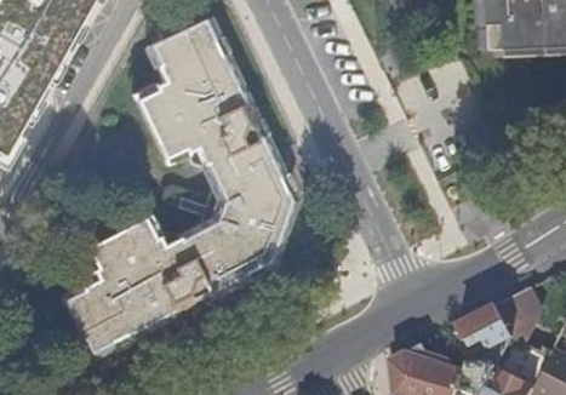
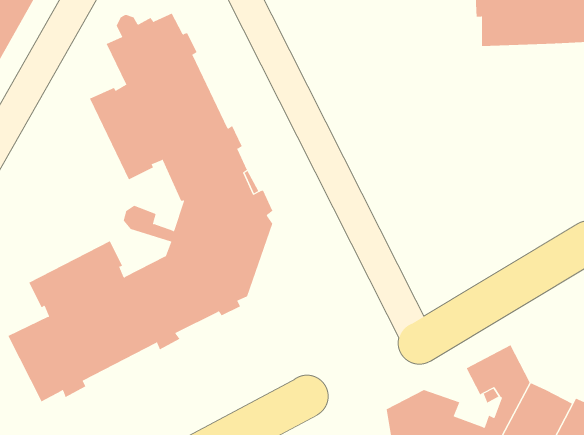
building: [501,287,547,343] -> none

